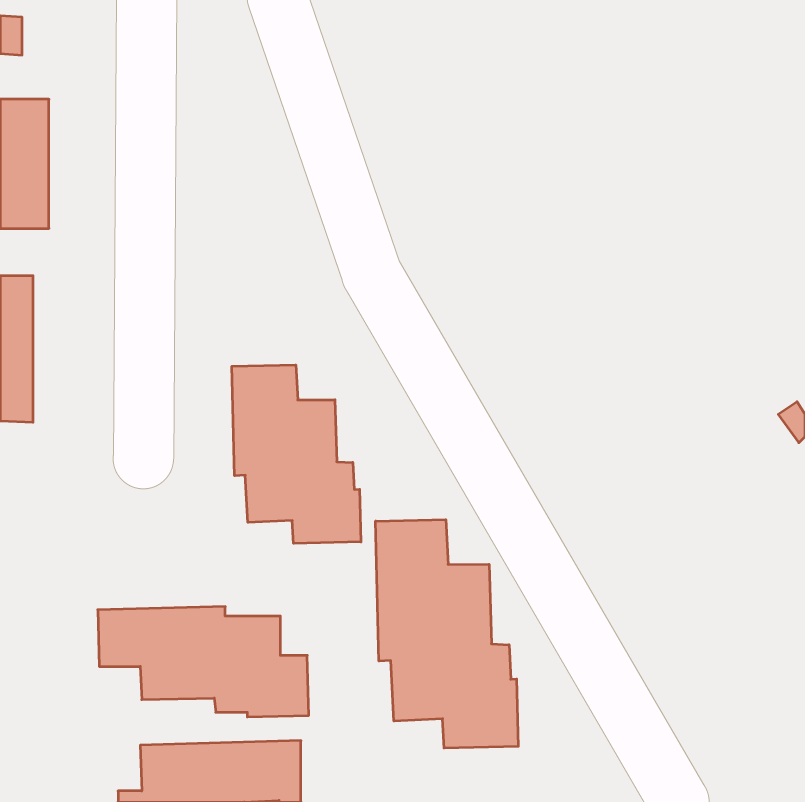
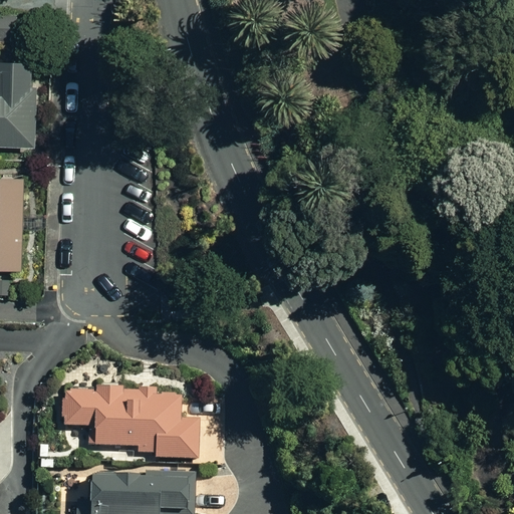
building: [232,365,361,543] -> none
building: [376,520,518,748] -> none

